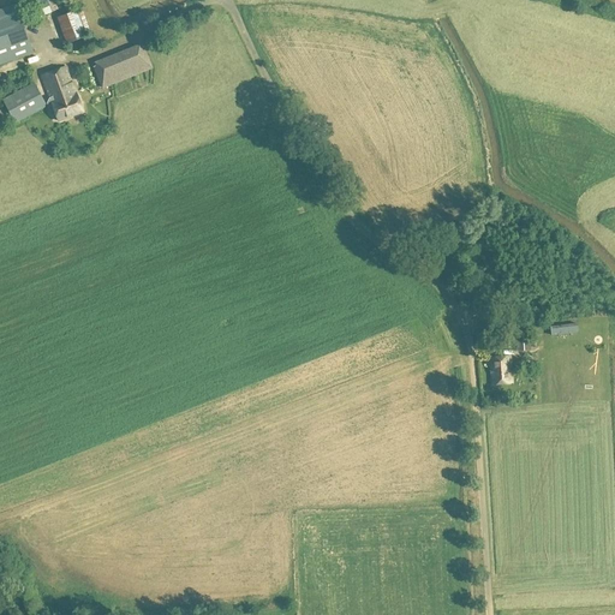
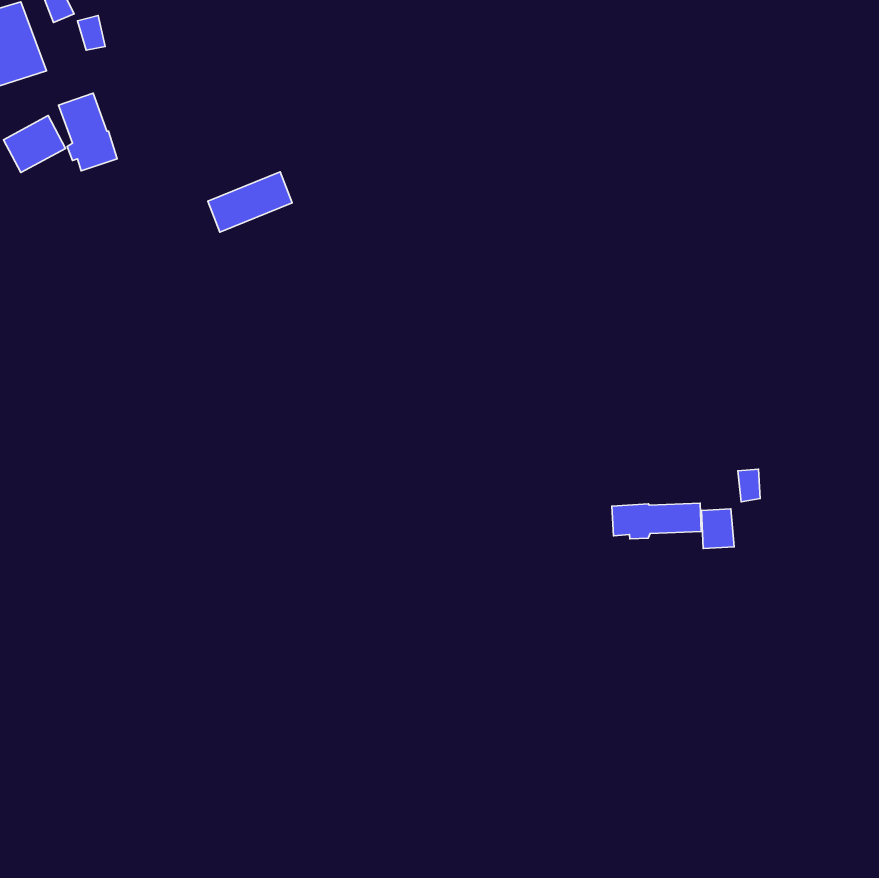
building: [92,44,151,86] -> [208,172,292,232]
building: none -> [612,503,701,539]

